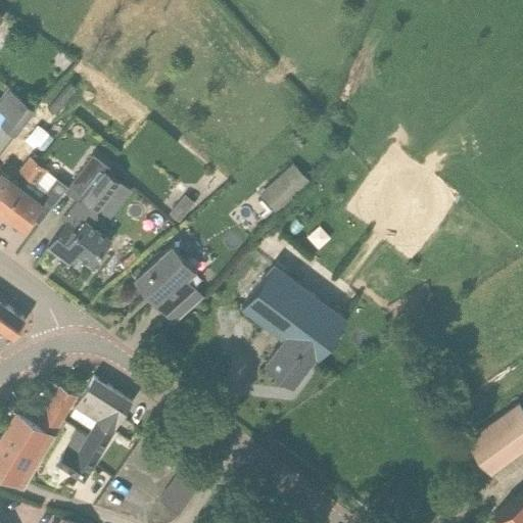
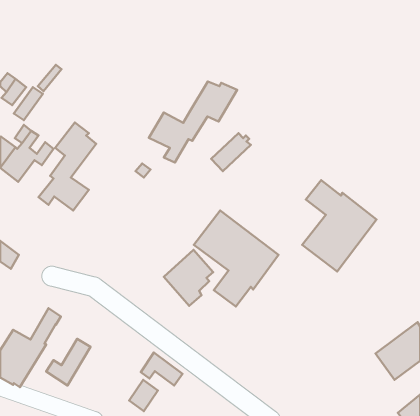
building: none -> [149,82,237,163]
building: none -> [302,180,377,271]
building: [135,248,196,318] -> [164,250,213,306]
building: [74,379,132,436] -> none
building: none -> [141,353,183,386]

